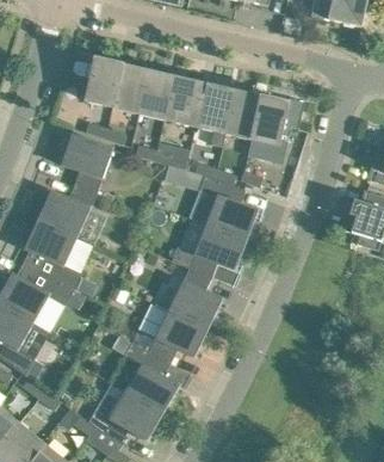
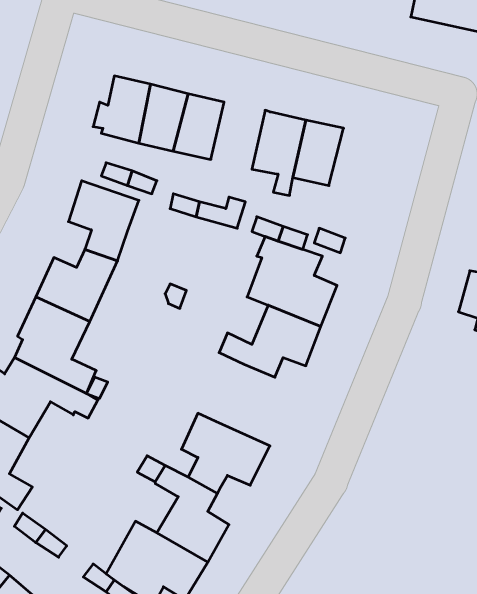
building: [165,76,204,125] -> none
building: [247,96,302,162] -> none
building: [168,267,221,327] -> none

